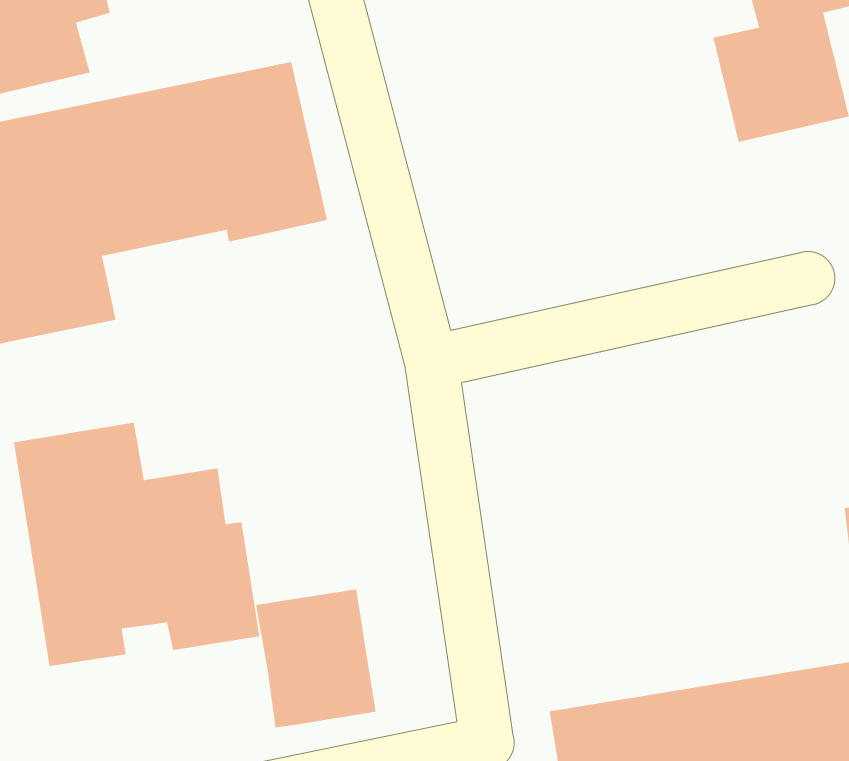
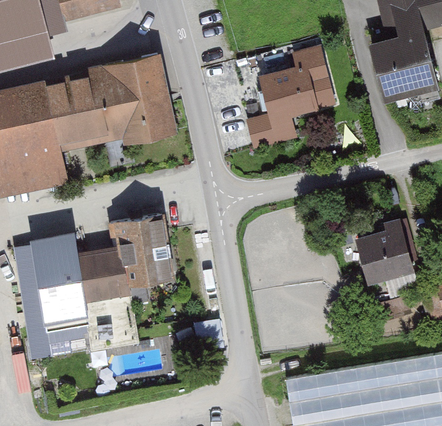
building: none -> [249,40,340,149]
building: none -> [357,221,413,280]
building: [255,589,377,728] -> [112,215,173,285]

